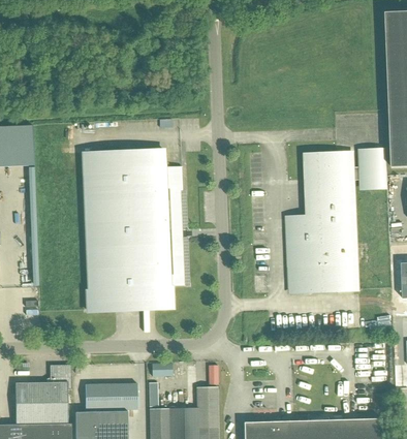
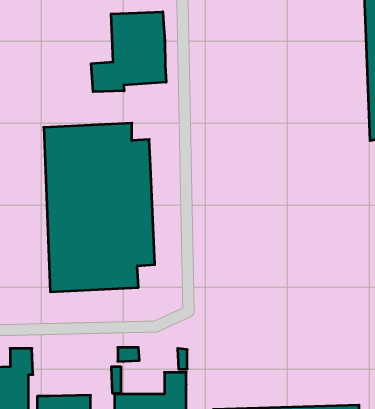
building: none -> [91,12,166,92]
building: [289,151,384,293] -> none
building: [85,385,137,411] -> none

